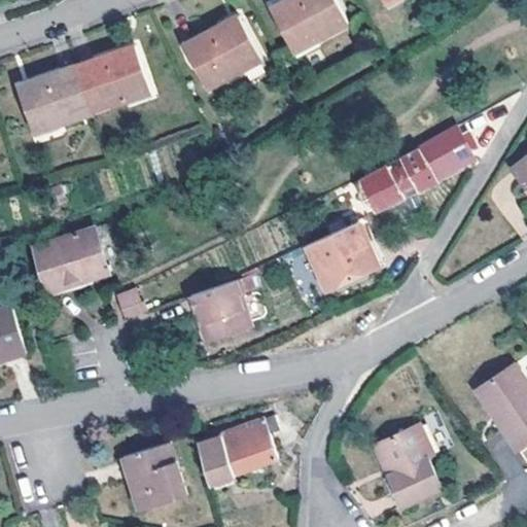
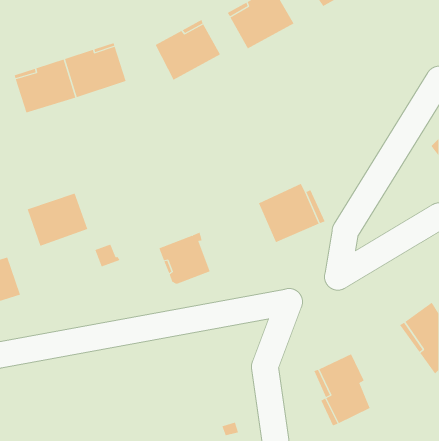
building: [359,128,470,210] -> none
building: [198,418,276,484] -> none
building: [121,441,184,507] -> none

